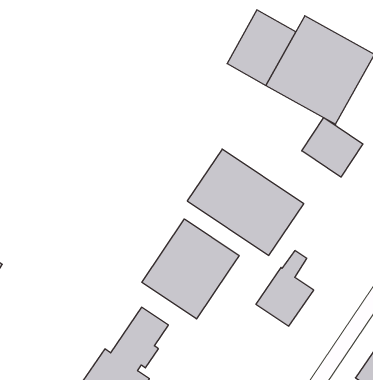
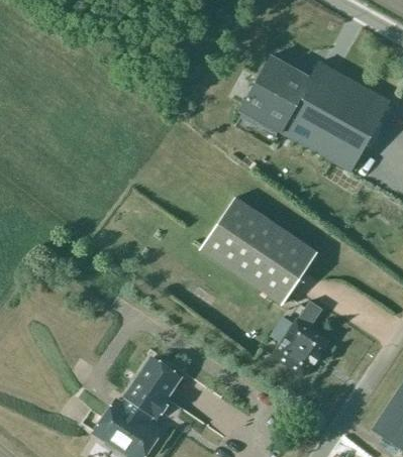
building: [302,118,363,177] -> none
building: [142,219,239,319] -> none

